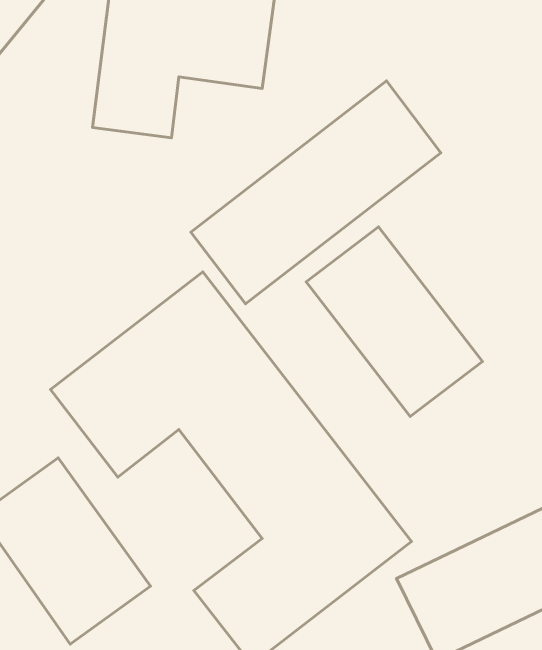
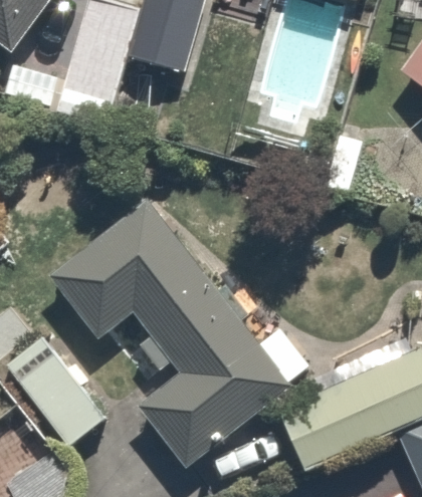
building: [191,81,441,304] -> none
building: [306,227,483,417] -> none

